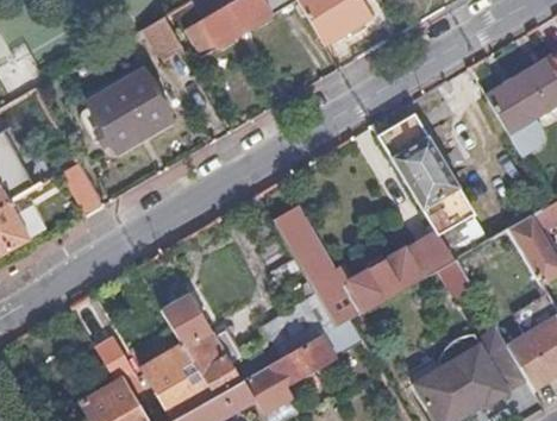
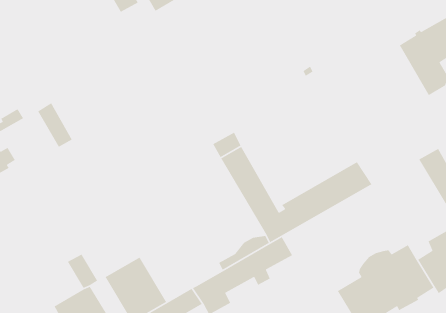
building: [88,61,171,151] -> none
building: [380,114,475,227] -> none
building: [163,294,249,396] -> none

